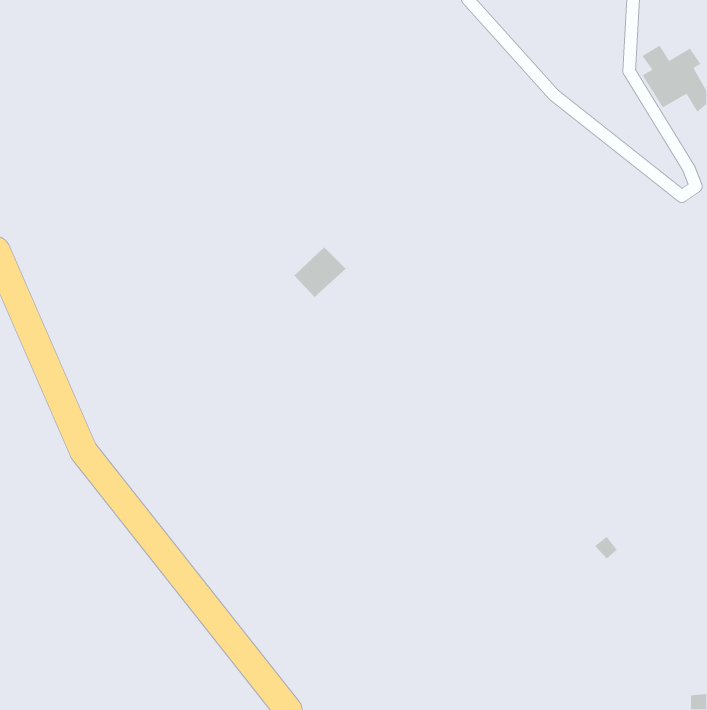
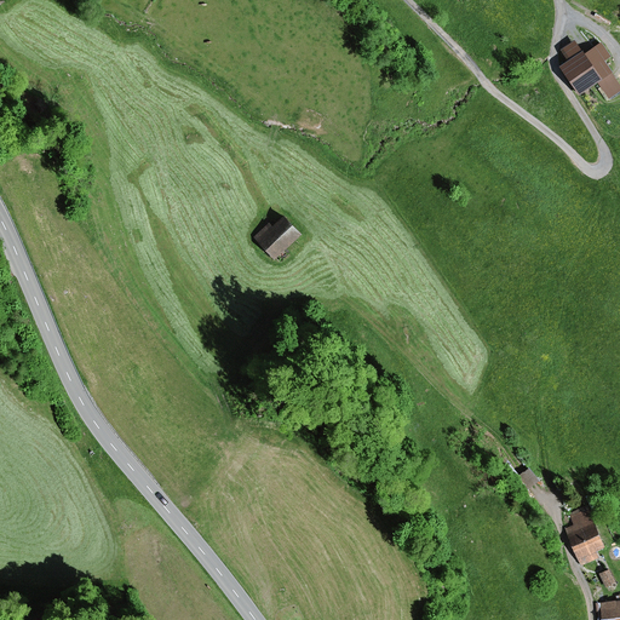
building: none -> [564,512,605,564]

